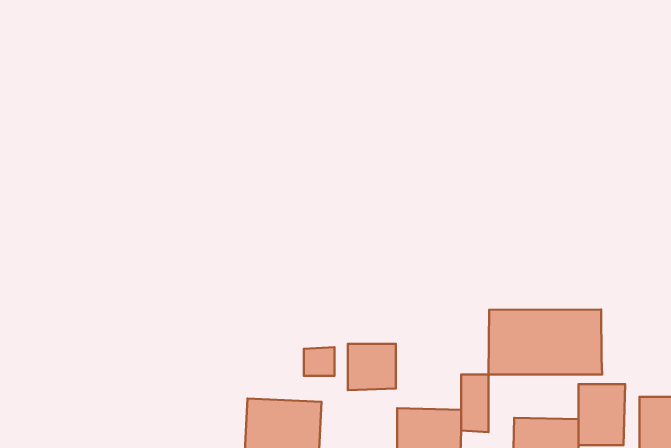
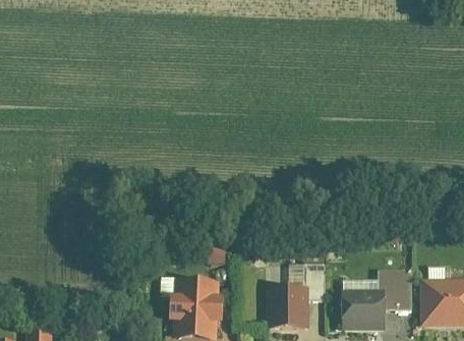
building: [489,310,602,374] -> none
building: [348,344,396,390] -> none

